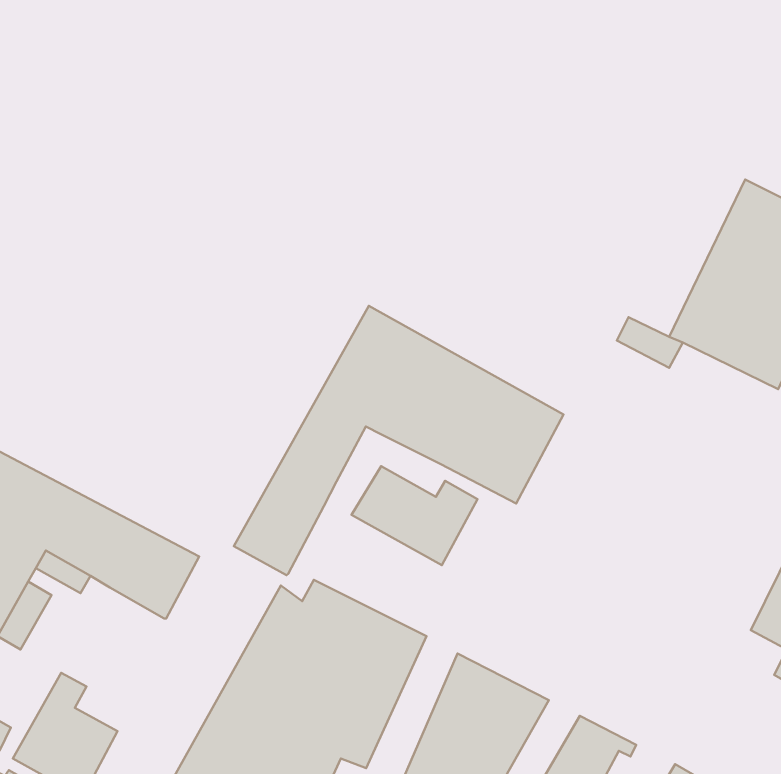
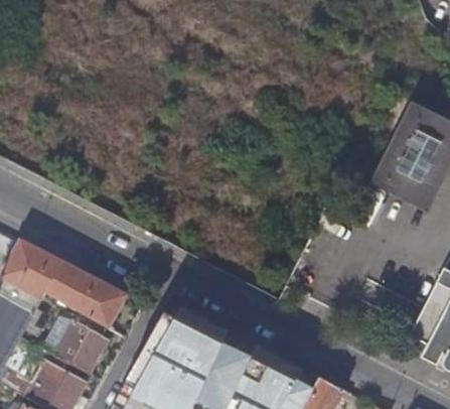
building: [234,306,564,575] -> none
building: [352,466,477,565] -> none
building: none -> [54,311,109,376]

